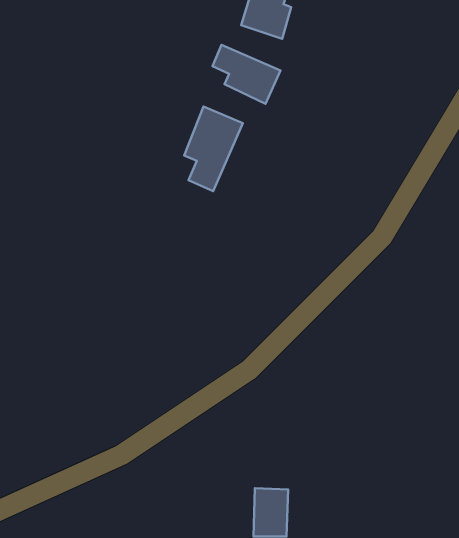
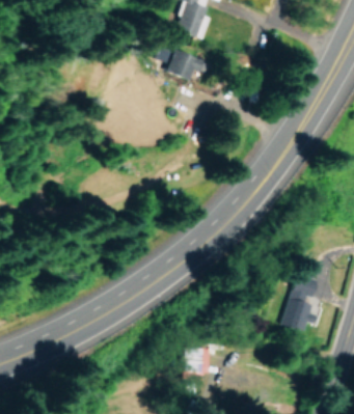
building: [184,107,243,191] -> none
building: none -> [285,275,316,331]

